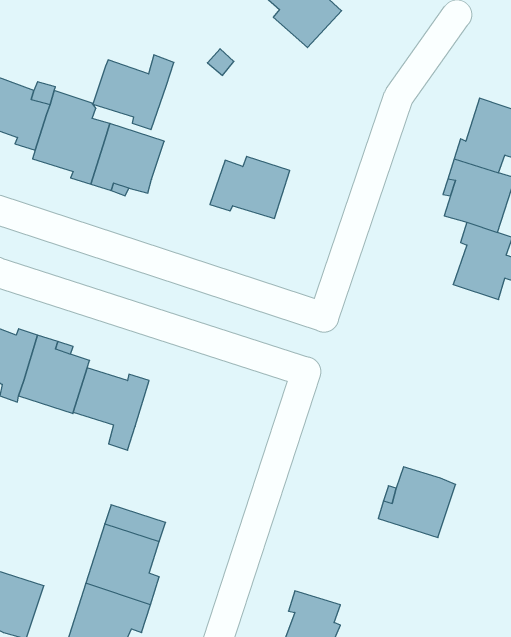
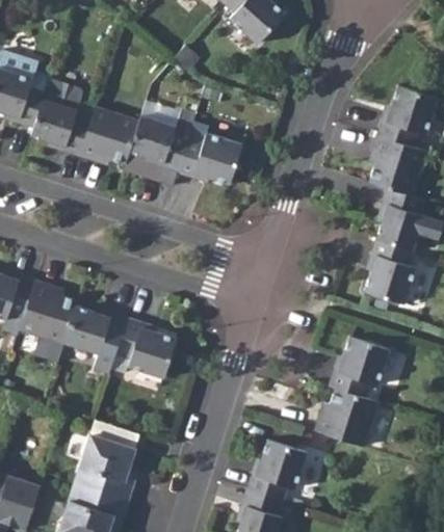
building: [93,55,174,130] -> [129,111,195,172]
building: none -> [365,238,416,303]
building: none -> [115,317,177,378]
building: none -> [329,337,390,397]
building: none -> [246,440,308,501]

